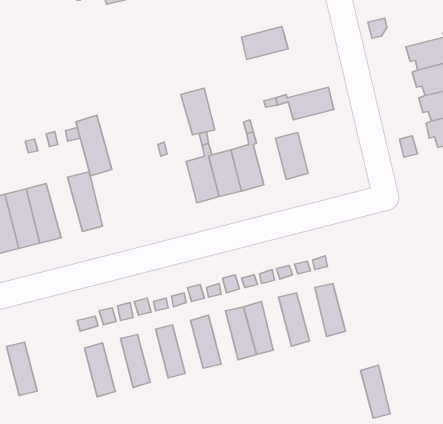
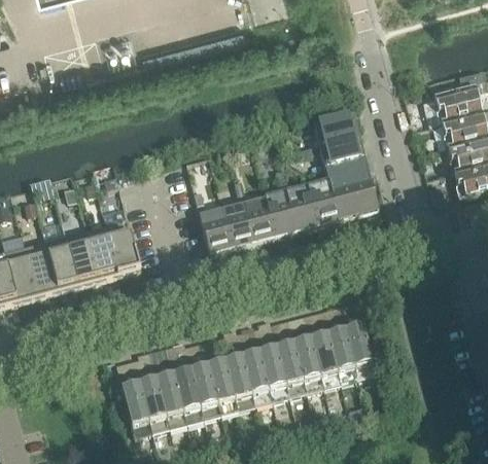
building: [242,26,288,59] -> [314,111,359,143]
building: [181,88,215,135] -> [199,205,232,250]
building: none -> [325,154,379,216]
building: [76,115,112,176] -> [85,220,120,279]
building: none -> [286,182,318,227]
building: none -> [294,336,323,388]
building: none -> [243,350,272,401]
building: none -> [208,359,238,411]
building: none -> [174,367,204,419]
building: [6,342,37,395] -> [140,377,170,428]
building: [360,365,390,418] -> [328,327,357,379]

